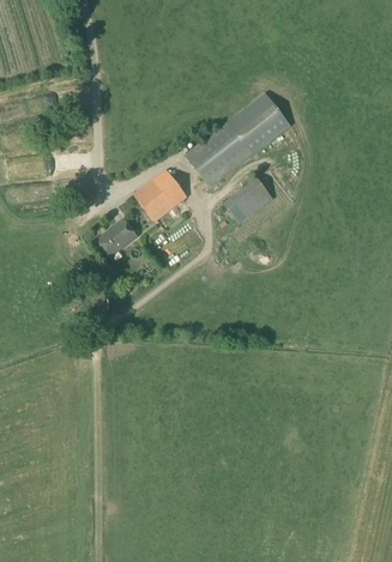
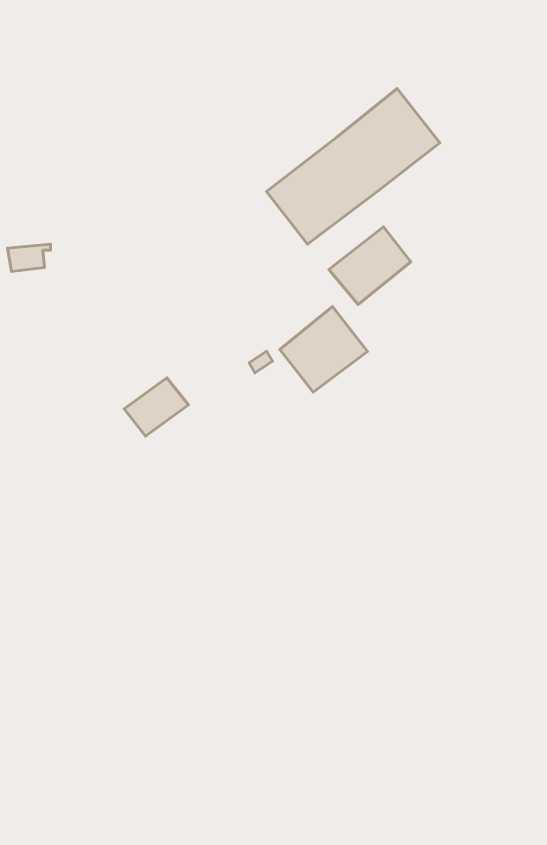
building: [134,168,188,220] -> [280,307,368,392]
building: [97,219,137,255] -> [124,378,188,436]

